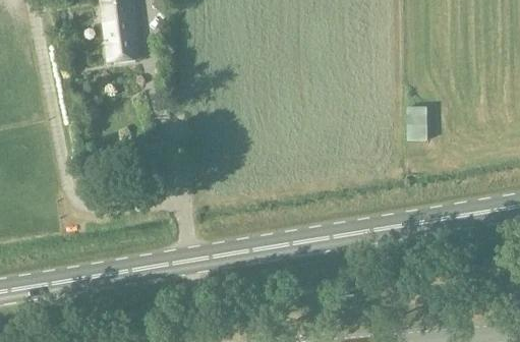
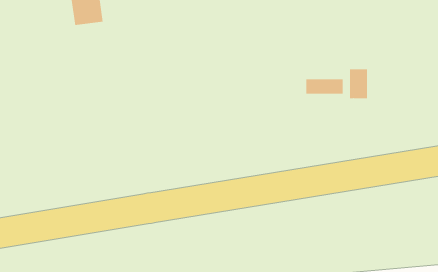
building: none -> [306,79,343,94]

